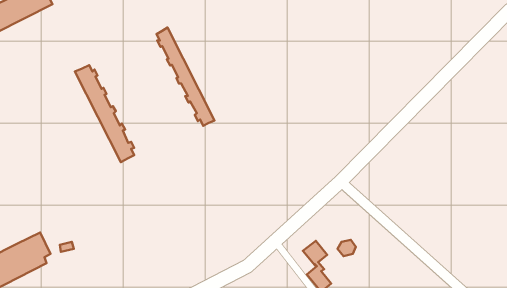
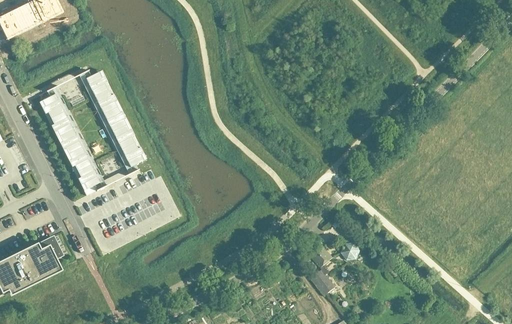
building: [157,28,215,126] -> none
building: none -> [42,93,99,194]

